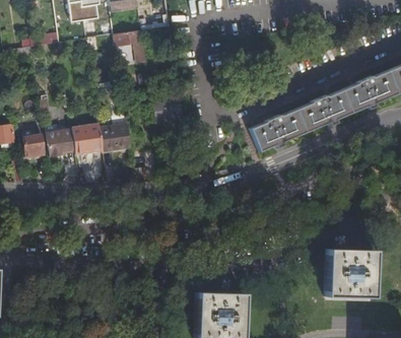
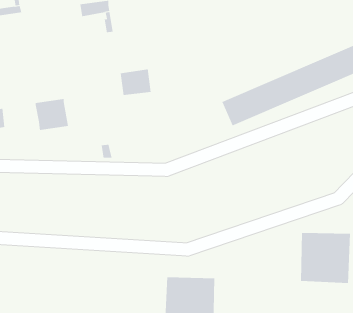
building: [99,124,131,151] -> none
building: [48,131,74,155] -> none

